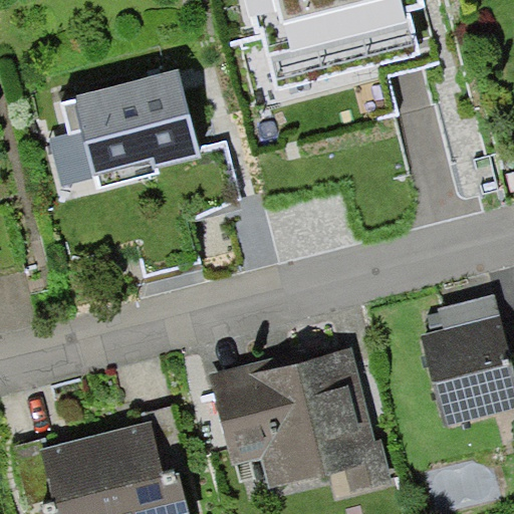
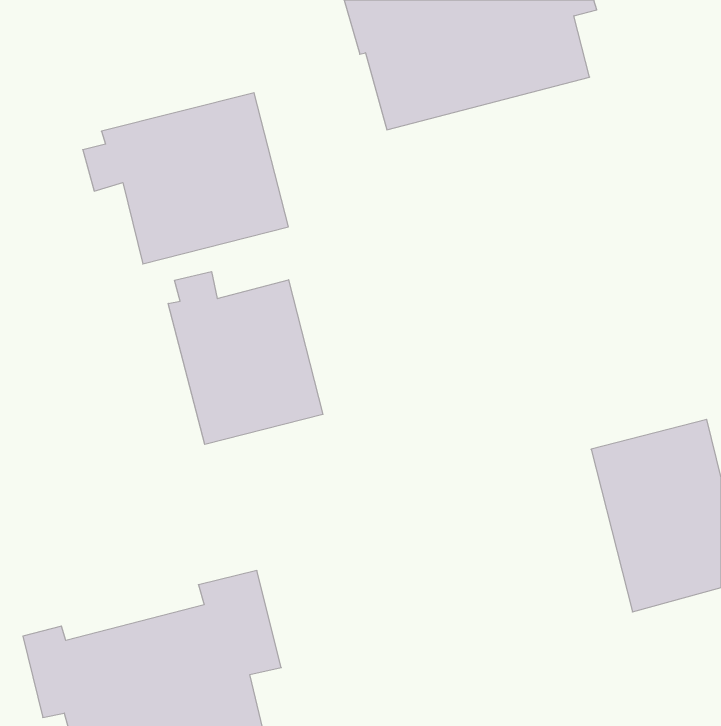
building: none -> [168,272,323,444]
building: [215,344,401,506] -> none

